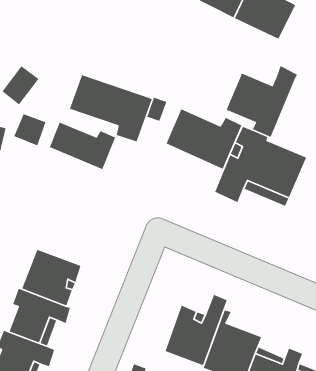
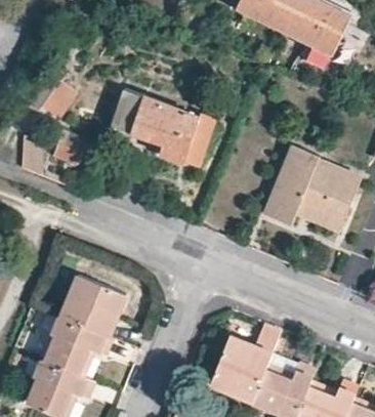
building: [226,65,298,138] -> none
building: [166,108,242,170] -> none
building: [49,121,116,170] -> none

